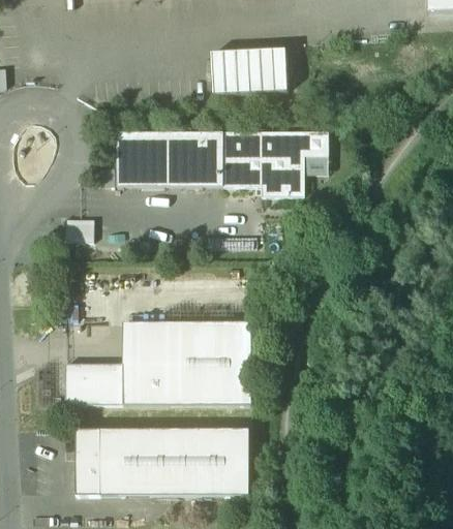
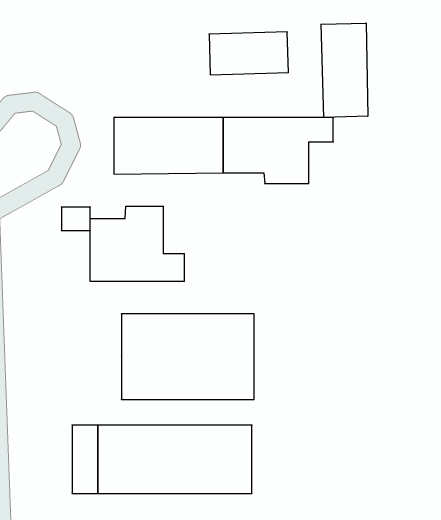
building: none -> [321,23,368,117]
building: none -> [90,206,184,281]
building: [65,363,123,404] -> none

